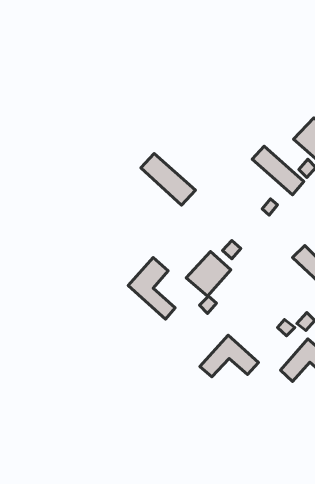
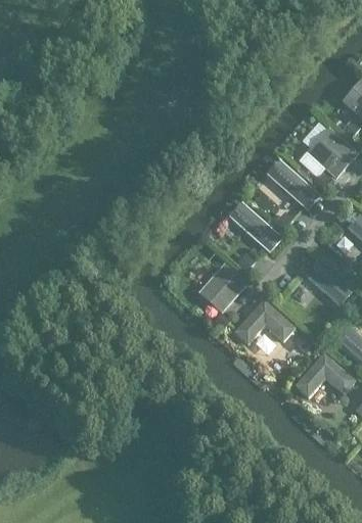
building: [141,154,196,205] -> [229,200,284,252]
building: [128,258,175,319] -> none
building: [200,335,259,377] -> [234,301,293,343]

